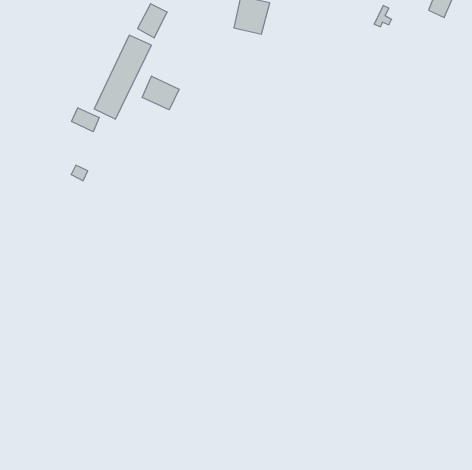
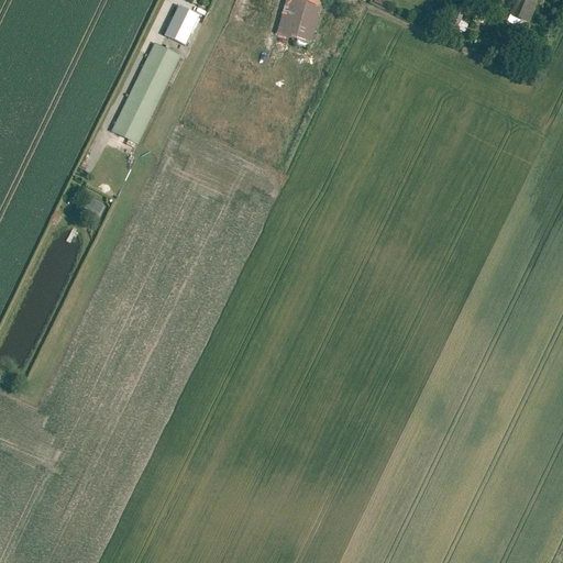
building: [142,76,179,110] -> none
building: [71,108,99,132] -> none

